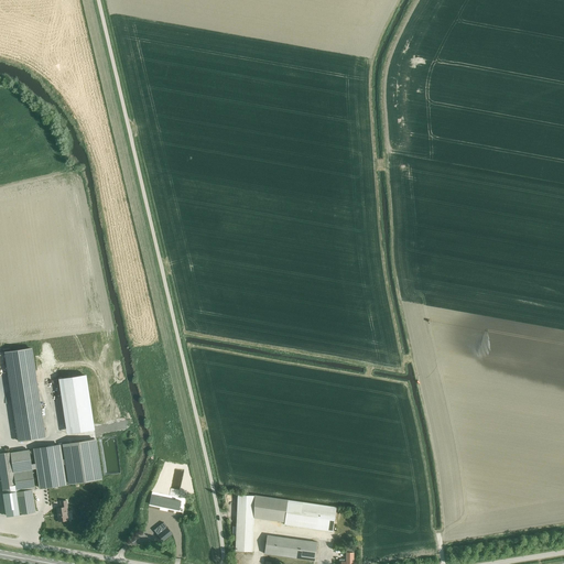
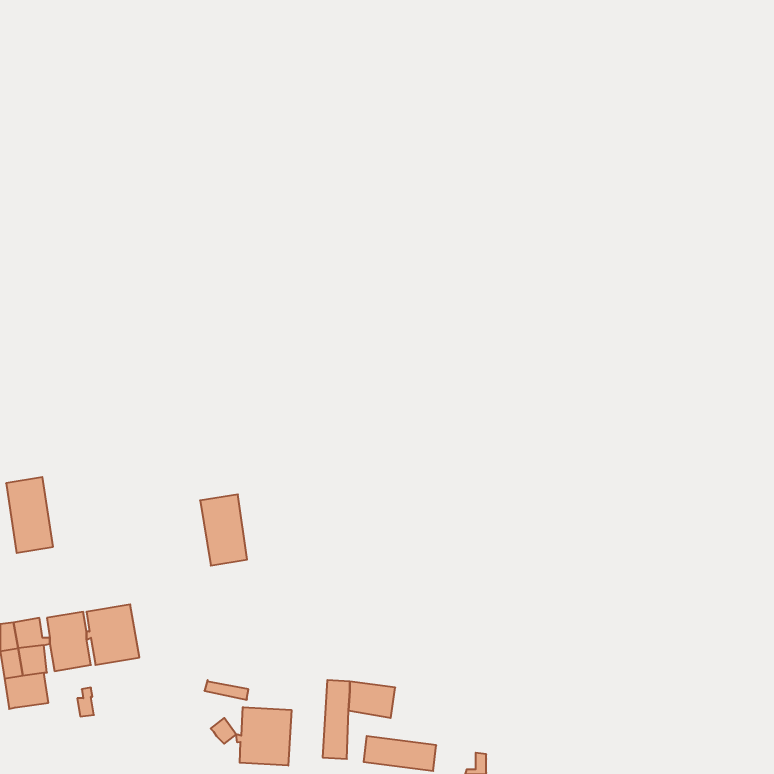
building: [58,376,93,427] -> [200,494,247,566]
building: [12,398,45,441] -> none
building: [284,500,336,532] -> none
building: none -> [236,707,291,766]

